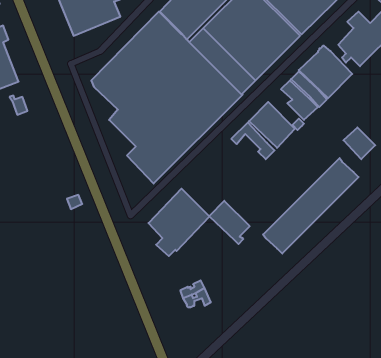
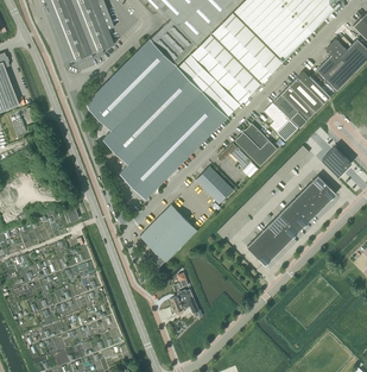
building: [209,201,250,244] -> [195,166,233,207]

